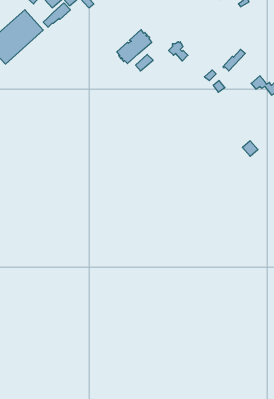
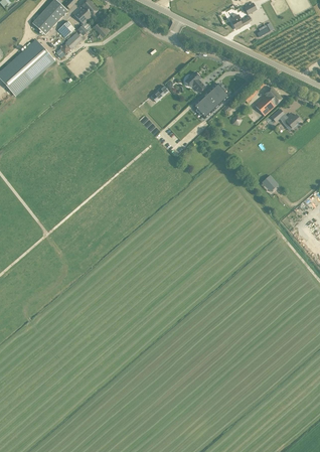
building: [117,30,152,64] -> [192,82,228,117]
building: none -> [254,87,281,115]

